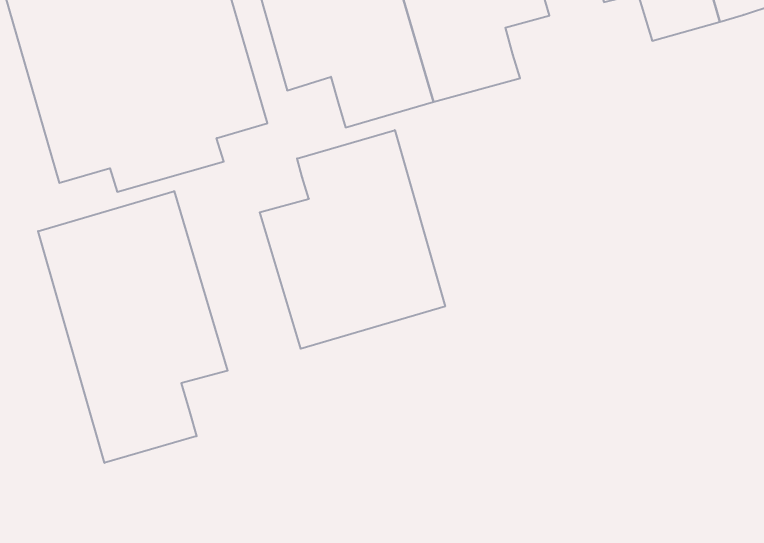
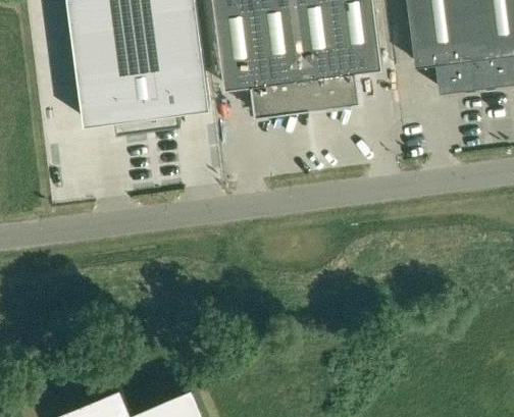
building: [260,130,445,349] -> none
building: [38,191,228,463] -> none

